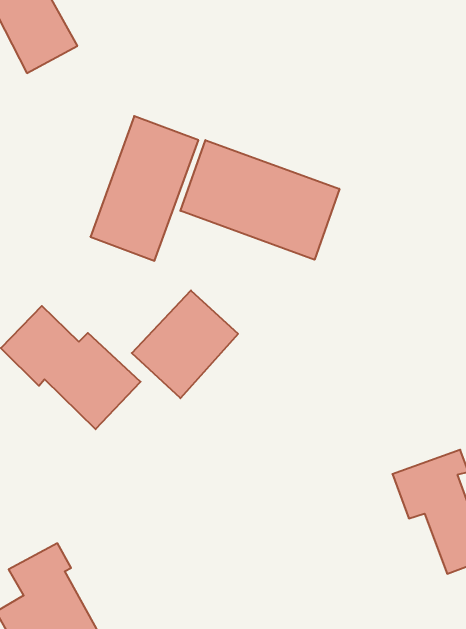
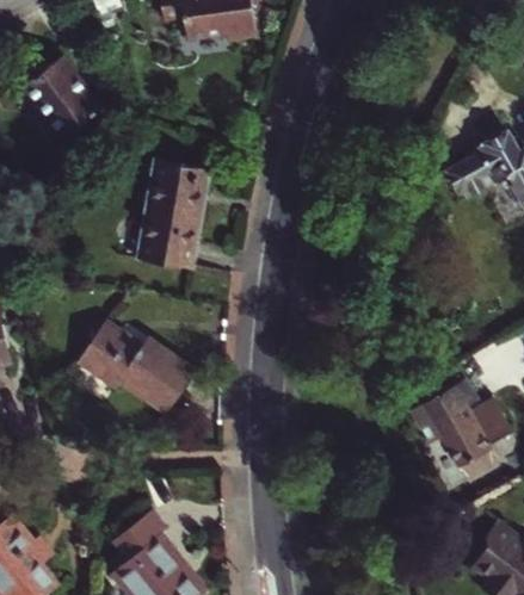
building: [180,140,339,260] -> none
building: [132,290,238,398] -> none

